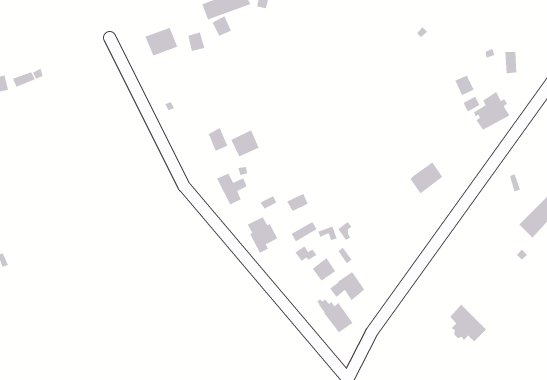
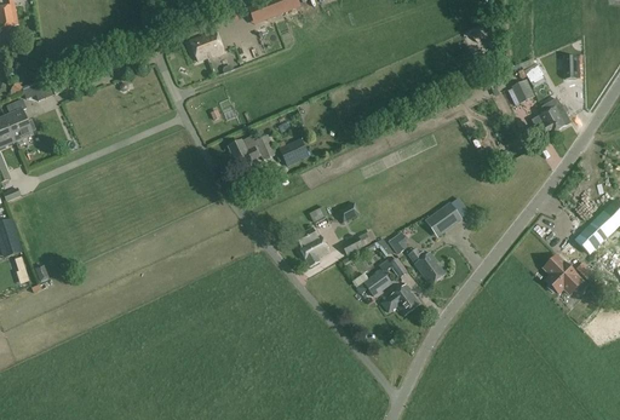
building: [410,162,443,194] -> [425,203,460,237]
building: [216,173,247,205] -> [228,142,260,176]
building: [316,298,354,333] -> [407,249,446,286]
building: [450,304,487,342] -> [544,255,582,295]

